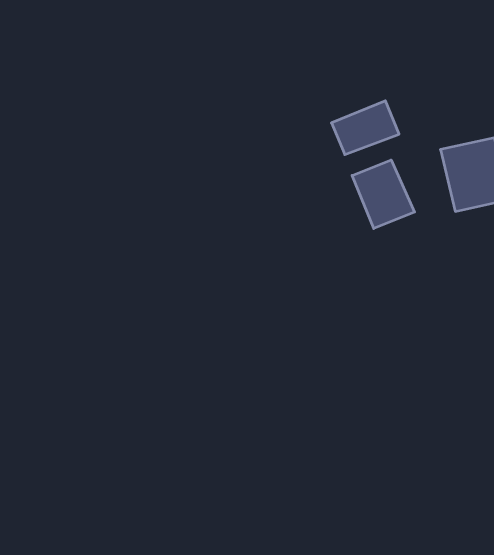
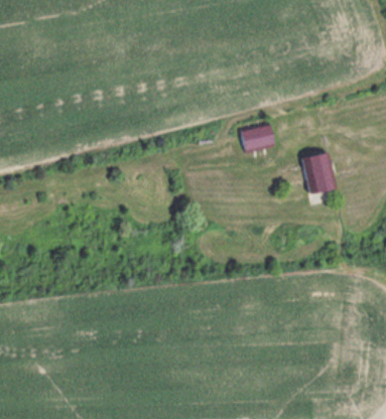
building: [352,160,415,229] -> none

